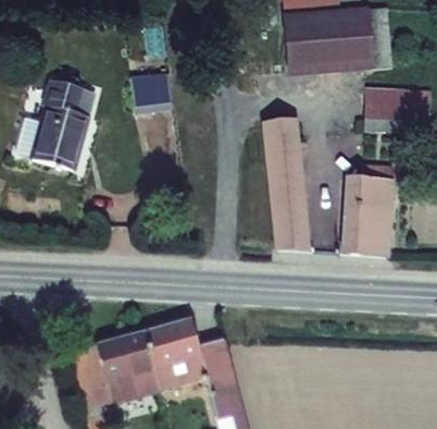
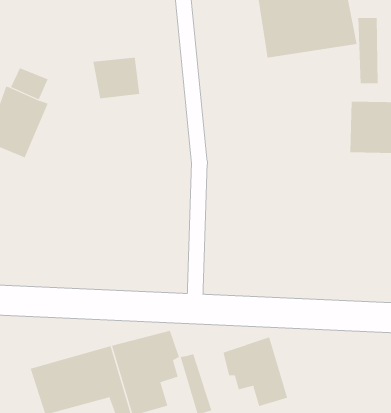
building: [261,106,314,246] -> none
building: [349,166,391,250] -> none
building: none -> [223,336,288,407]

